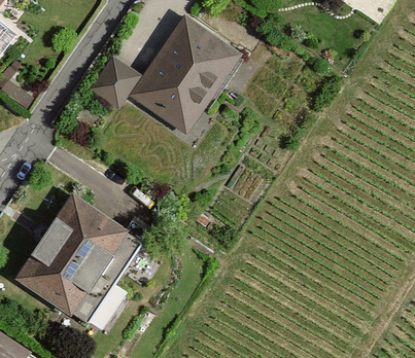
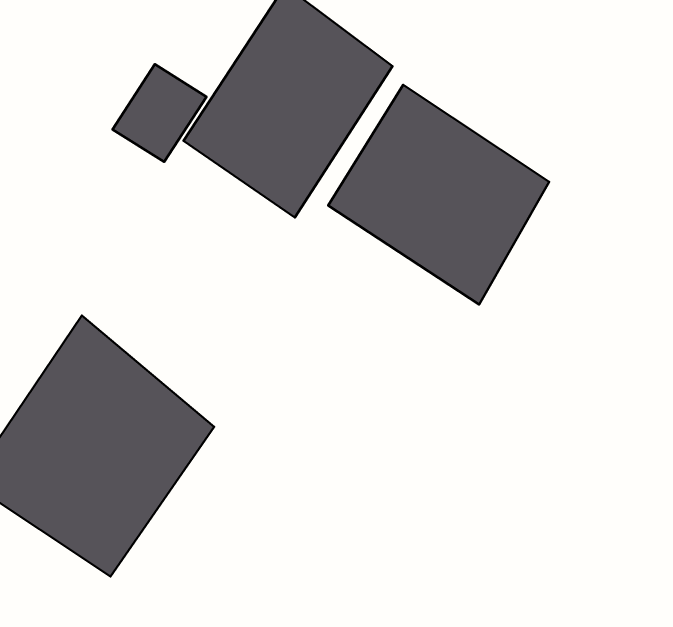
building: none -> [328,85,549,304]

